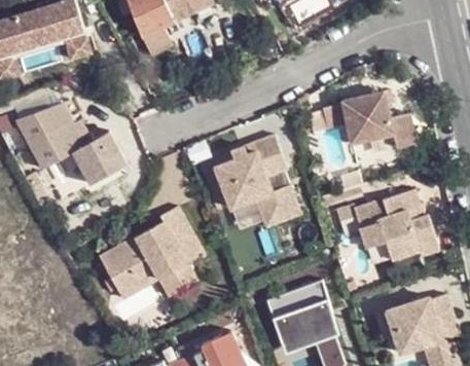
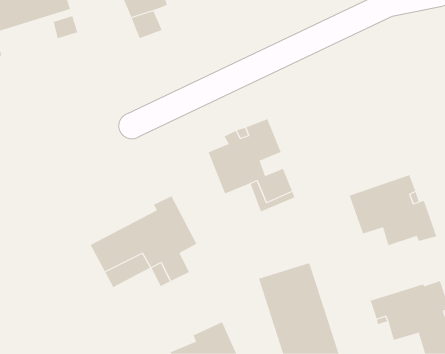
building: [340,91,415,149] -> none
building: [17,98,128,185] -> none

